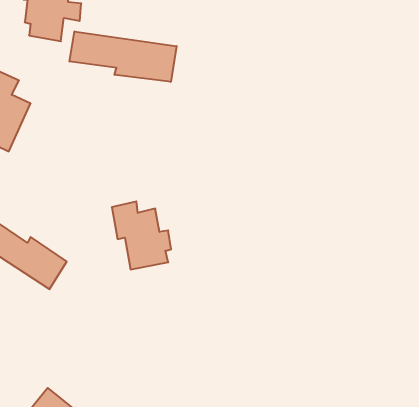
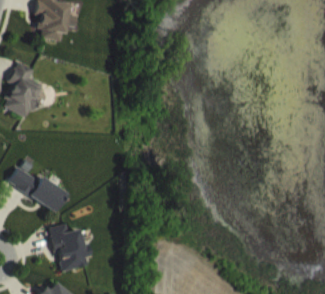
building: [70,31,177,82] -> none
building: [112,201,171,270] -> [49,223,90,270]

